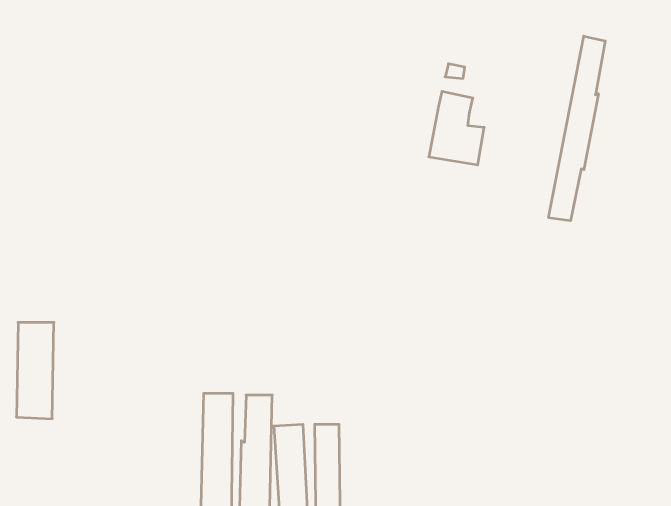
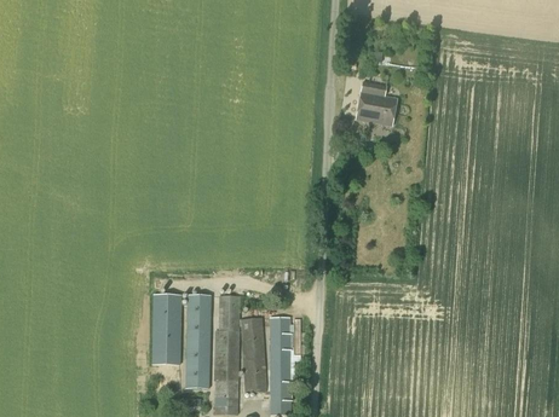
building: [549,36,605,221] -> none
building: [16,322,54,419] -> [152,294,180,365]

